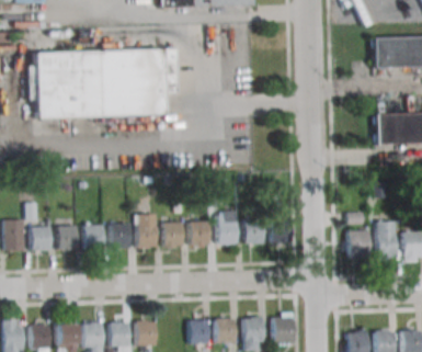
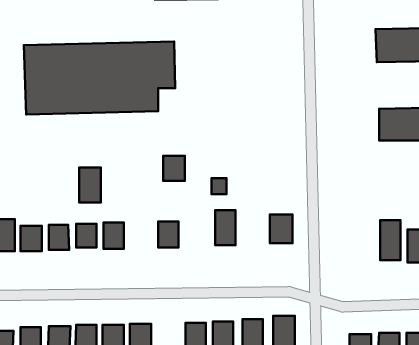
building: [136,214,157,248] -> [79,167,101,203]
building: [244,219,264,243] -> none
building: [190,220,210,245] -> [163,156,185,181]
building: [347,229,370,258] -> none

